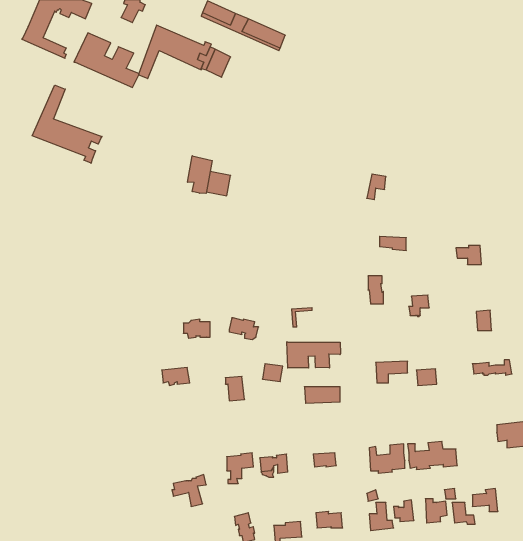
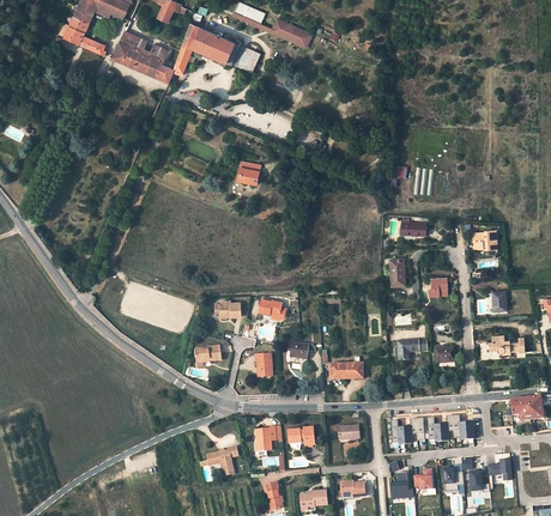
building: [32,85,102,163] -> none
building: [188,156,212,193] -> none
building: [287,342,341,368] -> none

